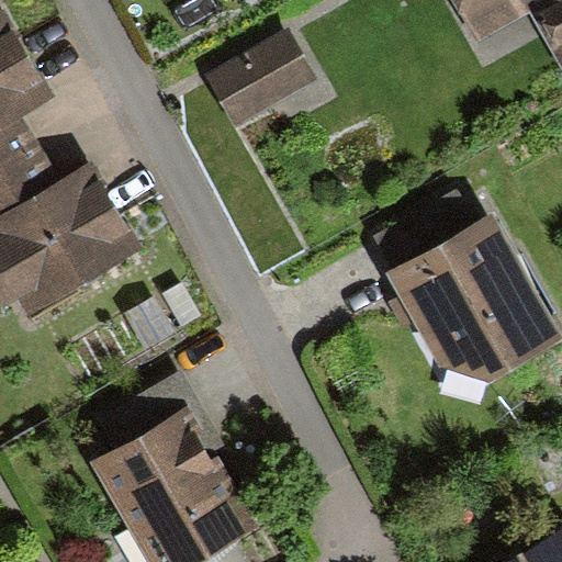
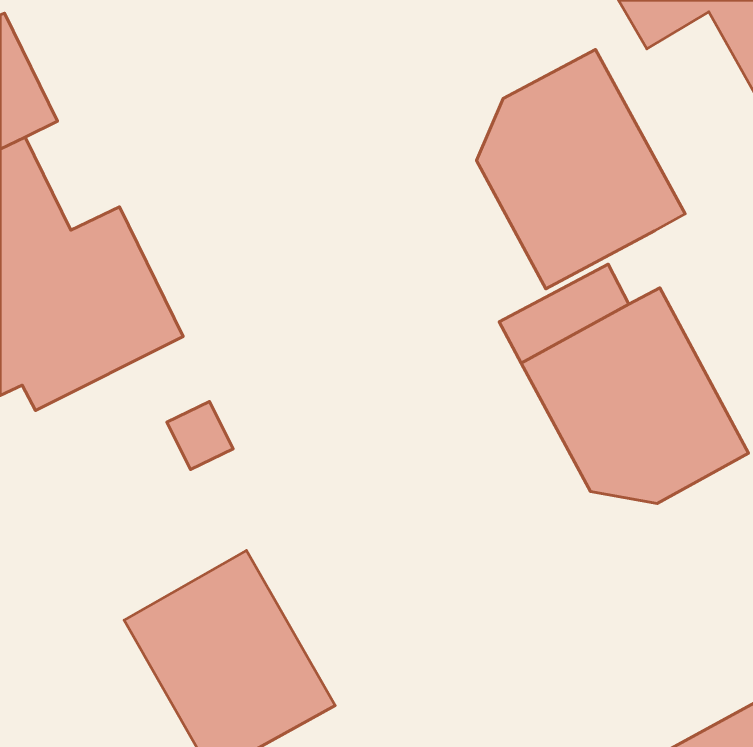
building: [205,30,313,124] -> none
building: none -> [477,49,685,289]

